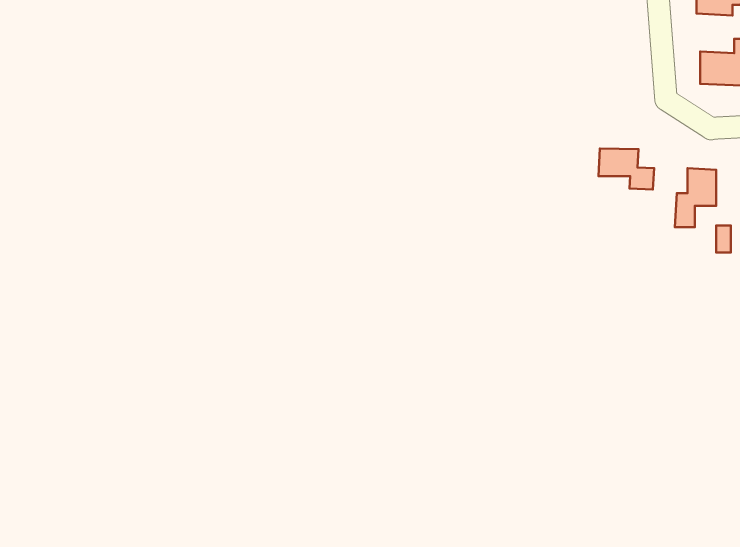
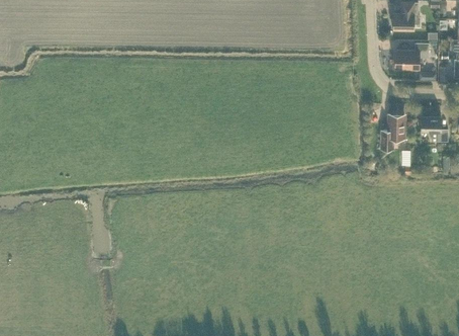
building: [599,149,654,190] -> none

